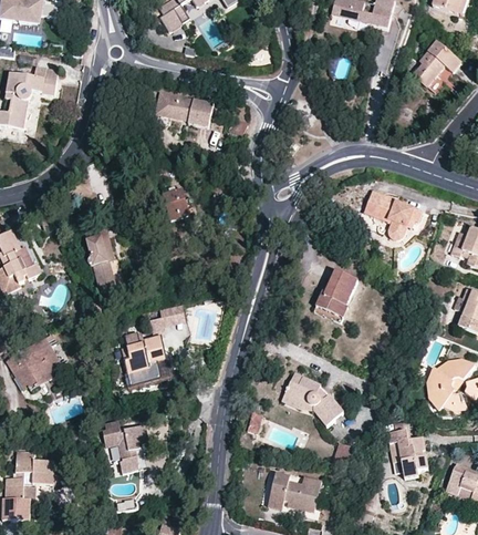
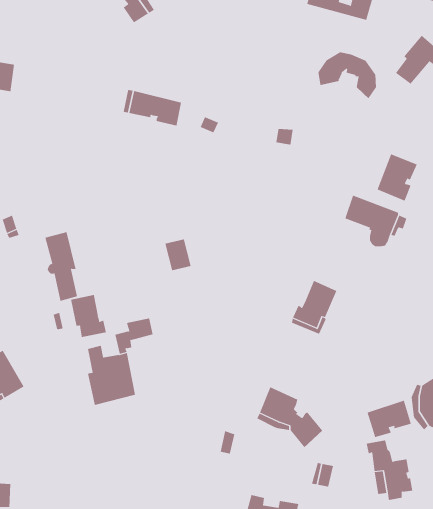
building: none -> [318,51,377,99]
building: none -> [377,153,417,201]
building: [164,189,189,219] -> [164,239,192,271]
building: none -> [70,294,106,338]
building: none -> [367,400,412,438]
building: [101,419,147,471] -> none

